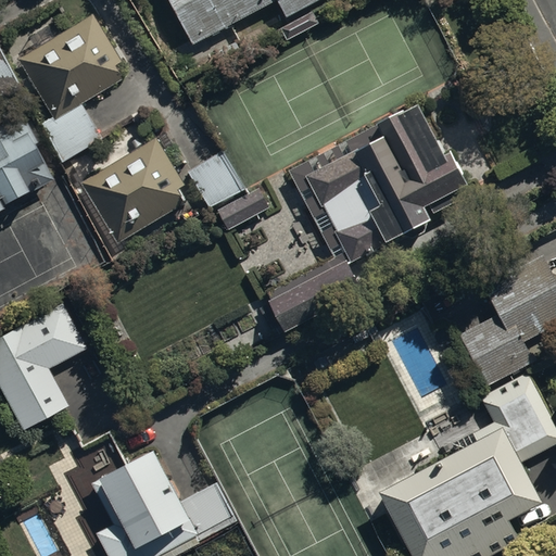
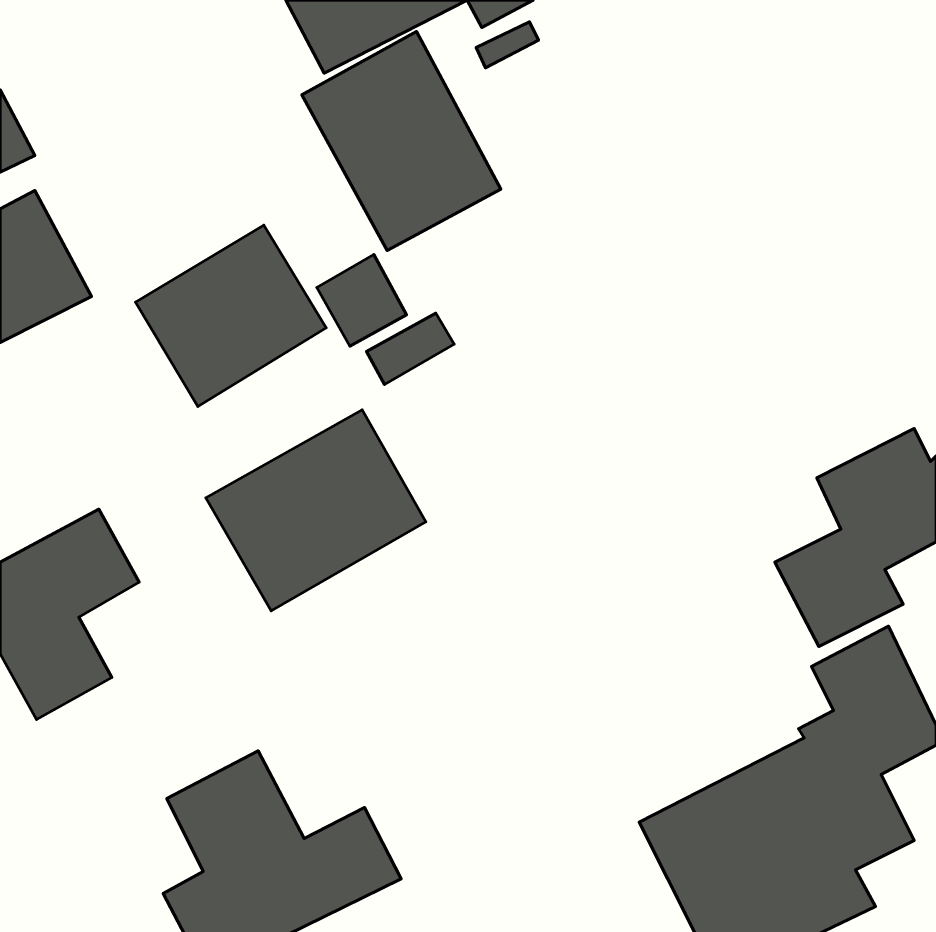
building: [15,14,127,163] -> none
building: none -> [302,32,501,251]
building: [266,100,466,330] -> none
building: none -> [206,410,426,611]

